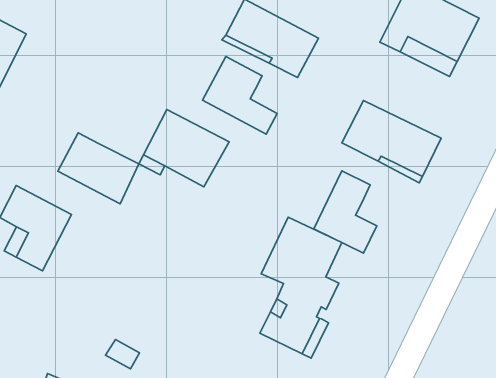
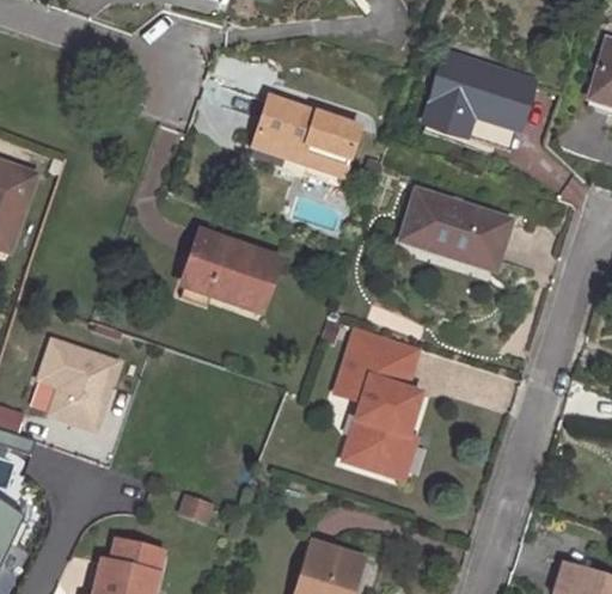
building: [203,57,277,134] -> none
building: [58,133,139,204] -> none
building: [314,171,377,253] -> none

